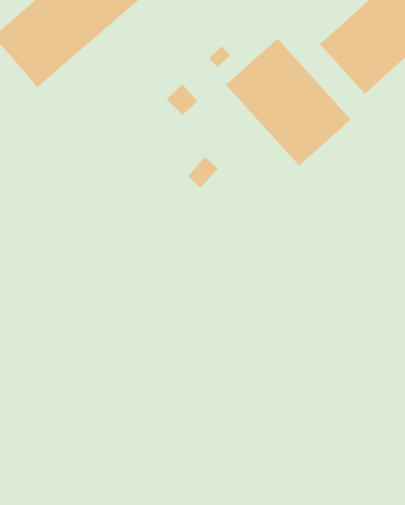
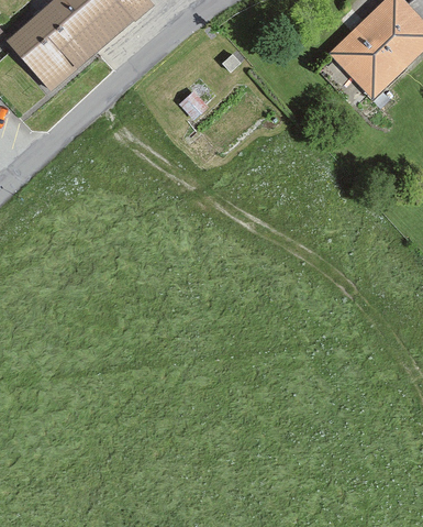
building: [225,38,352,166] -> none

